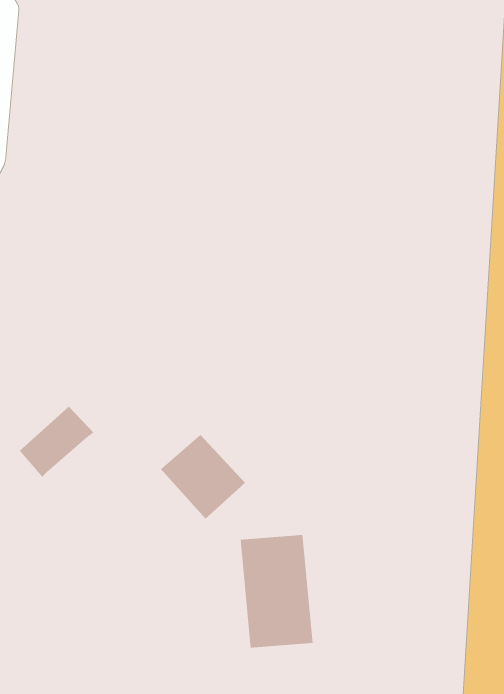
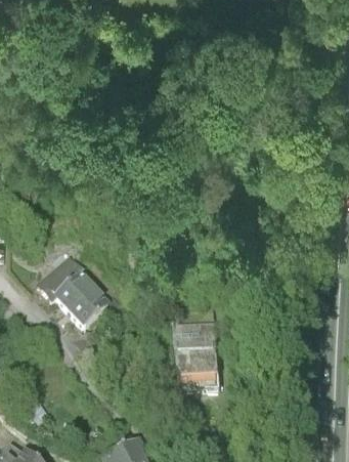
building: [160,434,246,520] -> [56,274,108,326]

